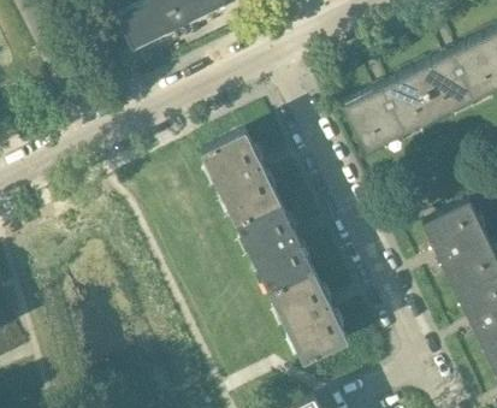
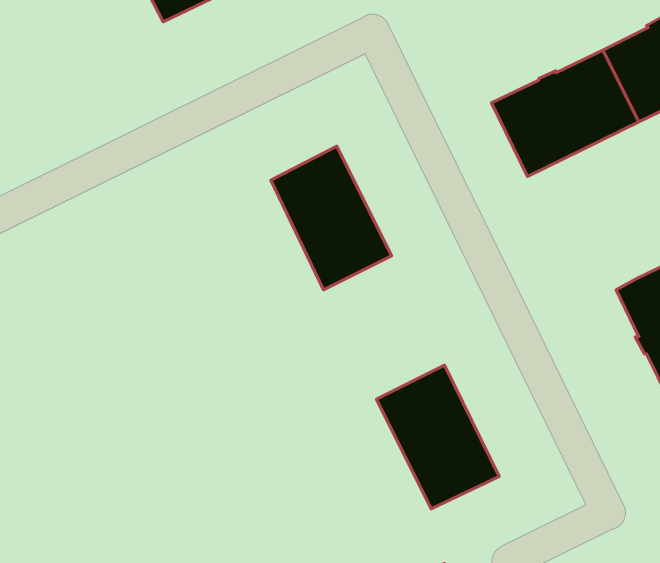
building: [236,200,313,291] -> none

